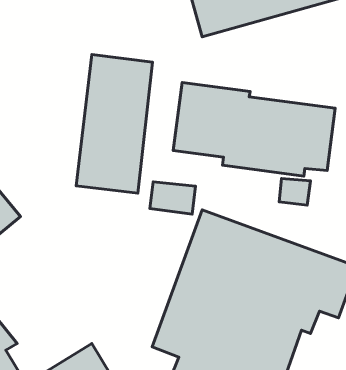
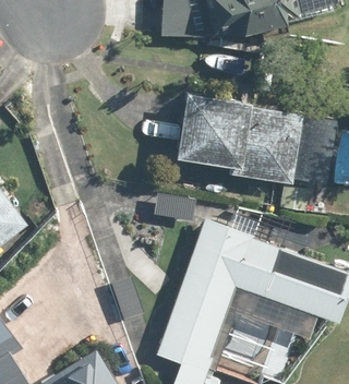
building: [76,55,152,193] -> none

